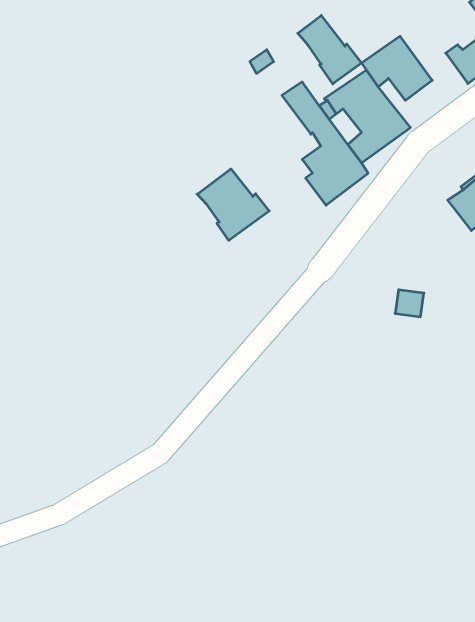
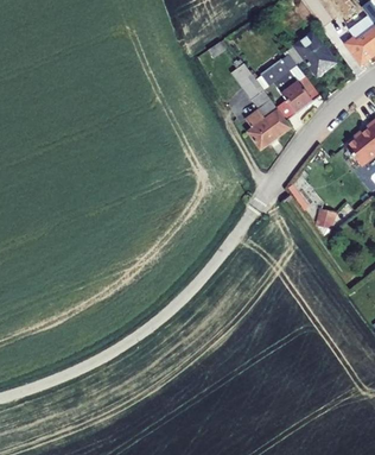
building: [298,15,361,84] -> none
building: [197,169,269,240] -> none

